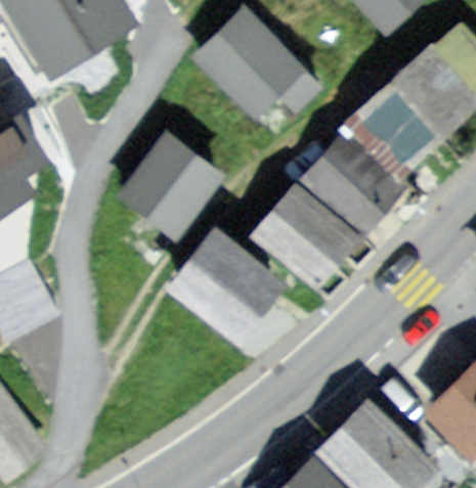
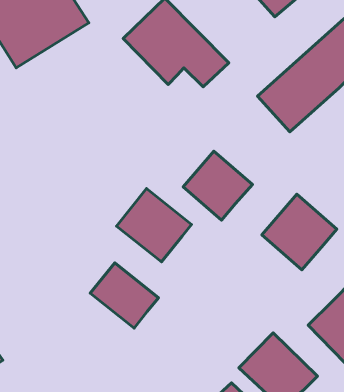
building: [113,131,216,234] -> none
building: [306,136,398,229] -> [262,194,337,270]
building: none -> [90,263,159,328]

